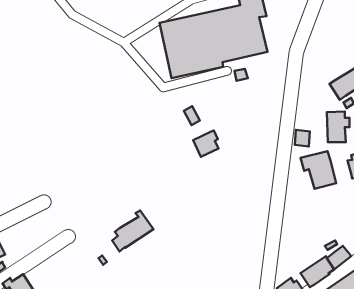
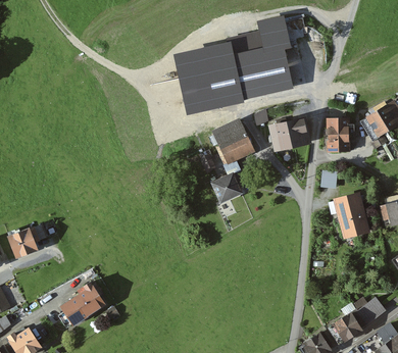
building: none -> [270,118,309,149]
building: none -> [215,122,254,162]
building: [327,111,350,142] -> [329,117,353,151]
building: none -> [9,225,45,256]
building: [112,210,153,252] -> [59,283,104,327]

